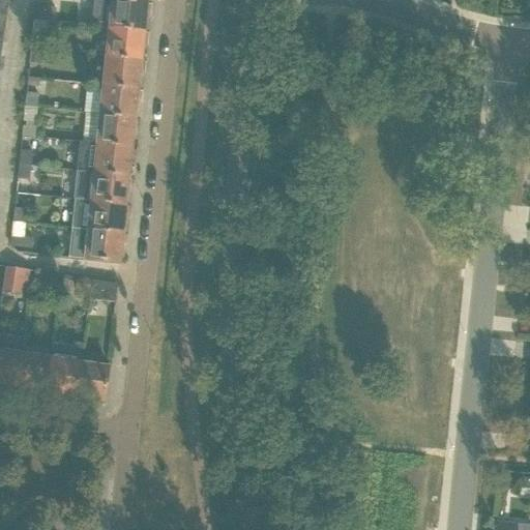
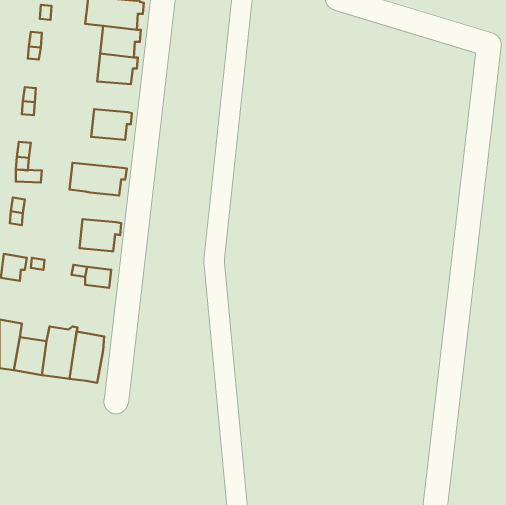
building: [98,85,141,117] -> none
building: [76,141,136,175] -> none
building: [69,198,129,232] -> none

